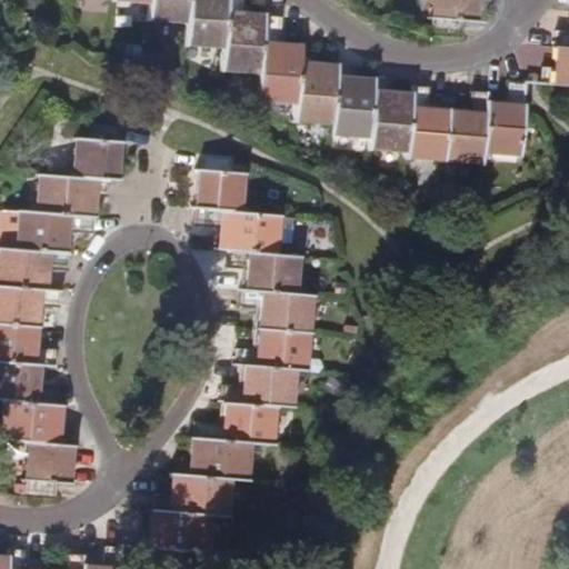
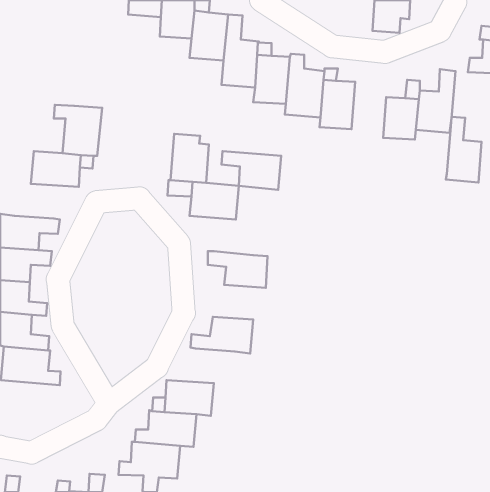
building: [407,83,448,159] -> [446,117,481,182]
building: [19,211,96,252] -> none
building: [229,250,298,295] -> [221,151,281,190]
building: [237,329,309,370] -> none
building: [194,402,273,445] -> none
building: [27,441,71,498] -> none

